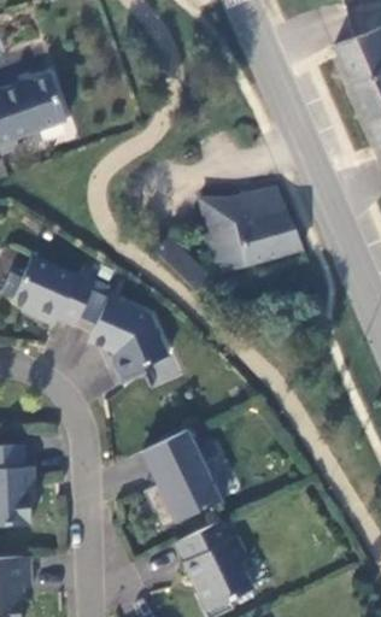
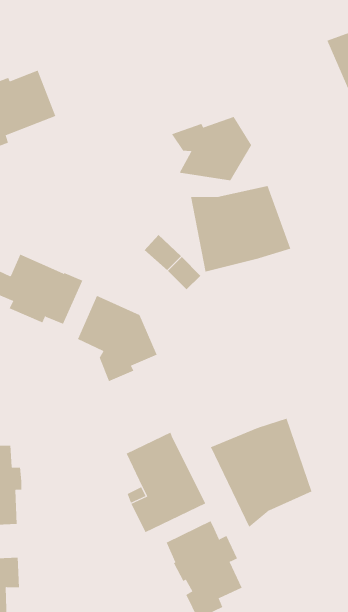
building: none -> [171,116,252,181]
building: none -> [210,418,312,528]

